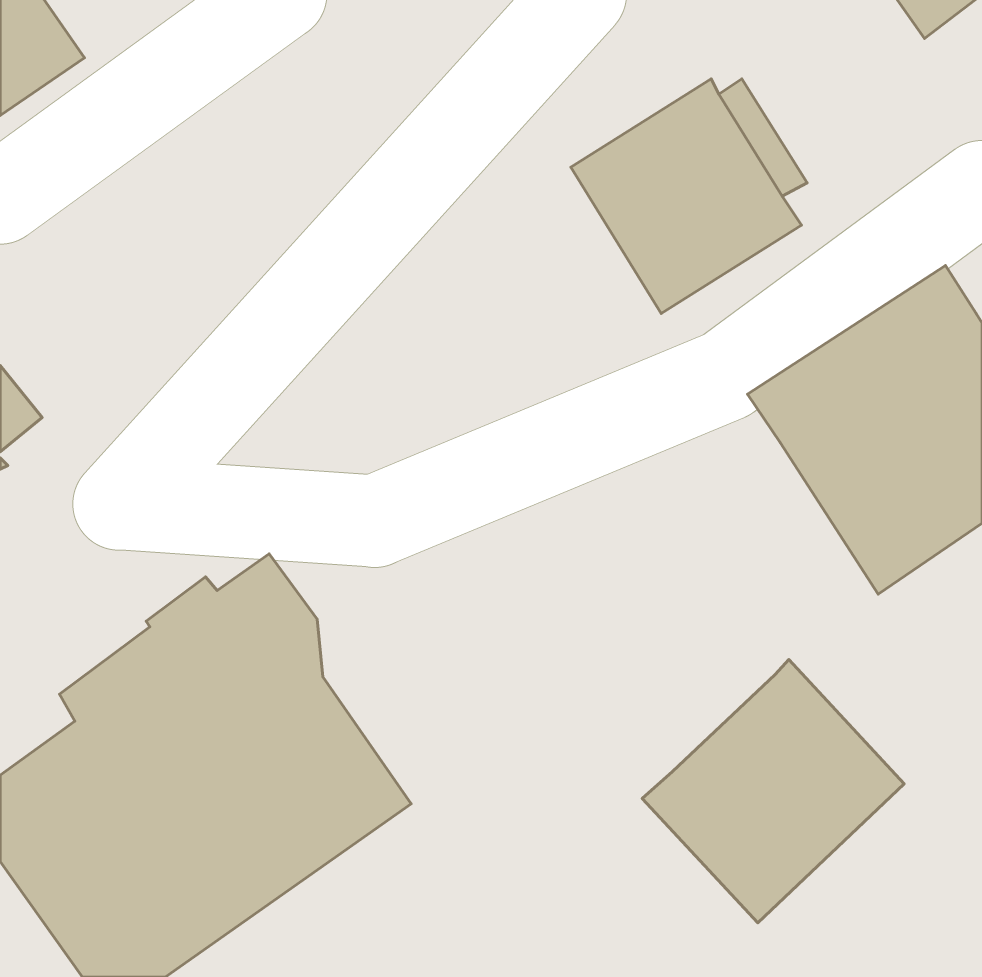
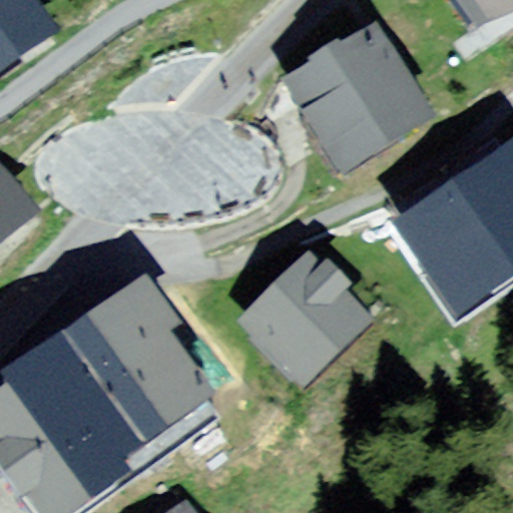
building: none -> [255,273,355,379]
building: [642,659,904,923] -> none

